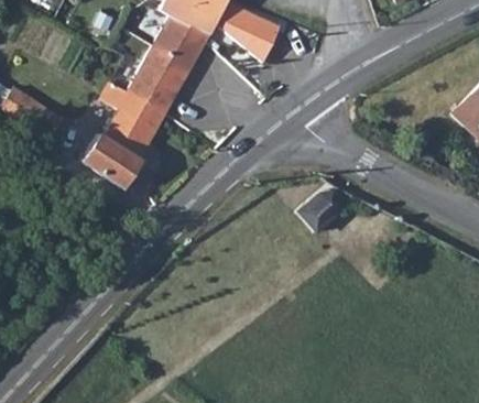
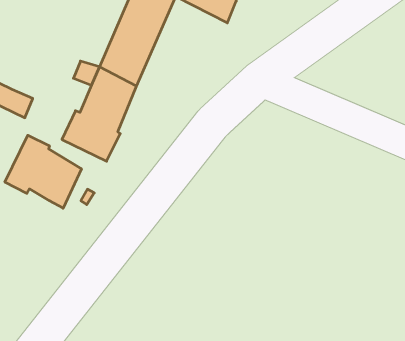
building: none -> [5,135,81,208]
building: [297,193,342,235] -> none

